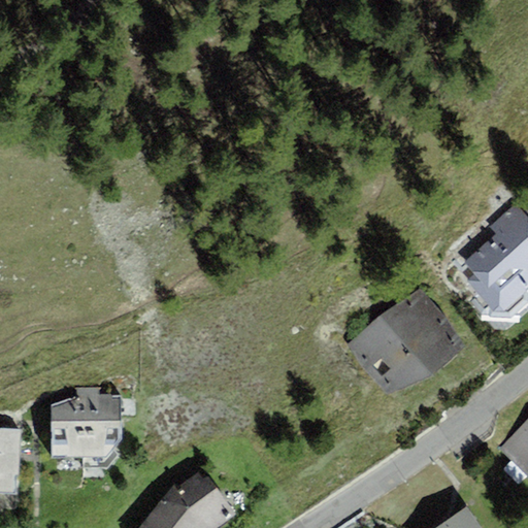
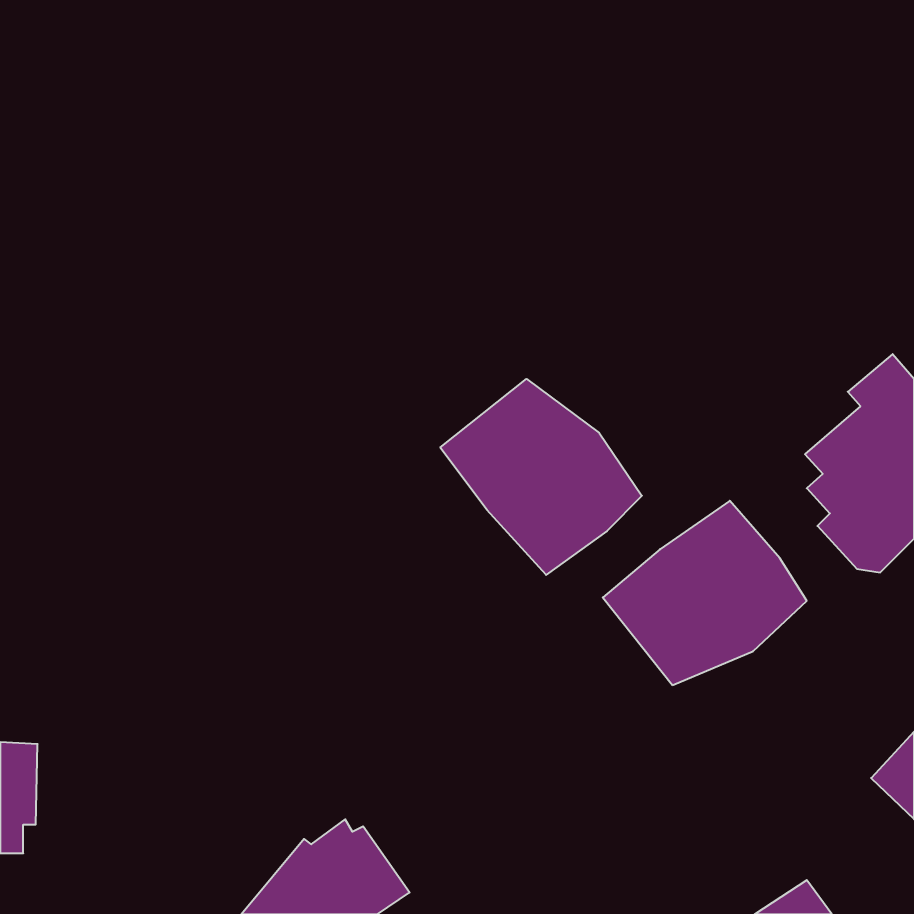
building: none -> [440,379,642,575]
building: [52,388,122,459] -> none

